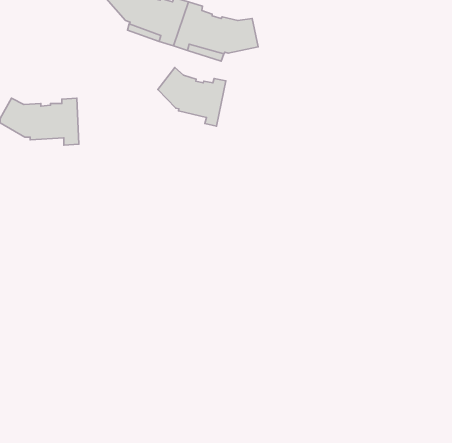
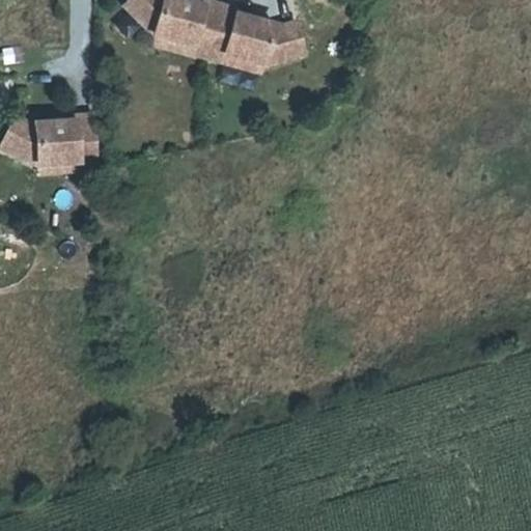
building: [158,67,226,126] -> none

